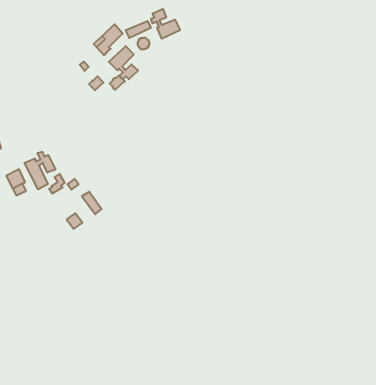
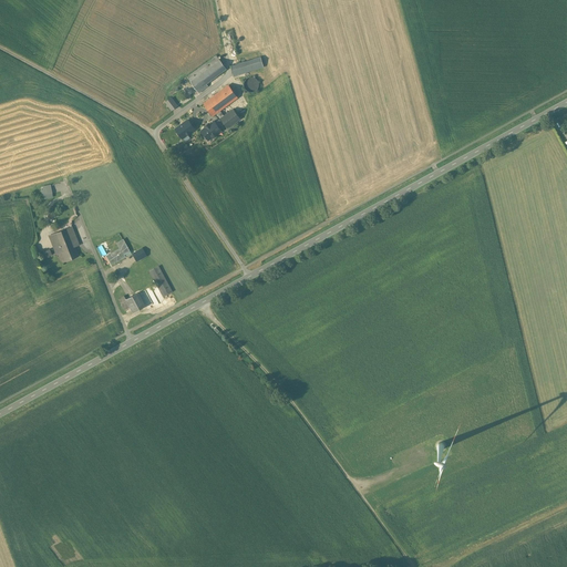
building: [151,9,180,39] -> none
building: [24,152,55,189] -> none

